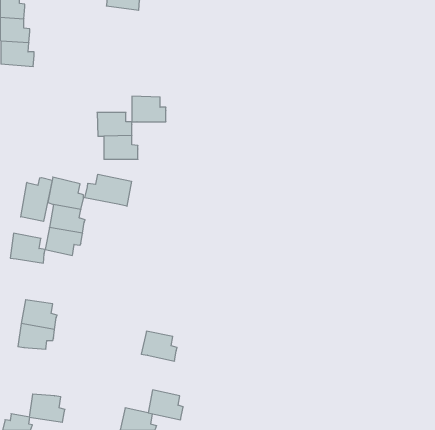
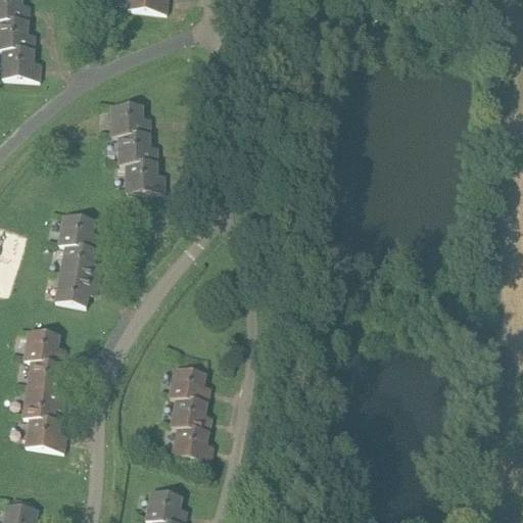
building: [132,96,166,122] -> [110,104,151,135]
building: [85,174,131,206] -> none
building: [21,178,52,221] -> none
building: [10,233,45,263] -> [23,329,65,365]
building: none -> [169,367,210,403]
building: [148,390,183,420] -> [172,426,213,462]
building: [29,394,65,422] -> [25,417,67,450]

